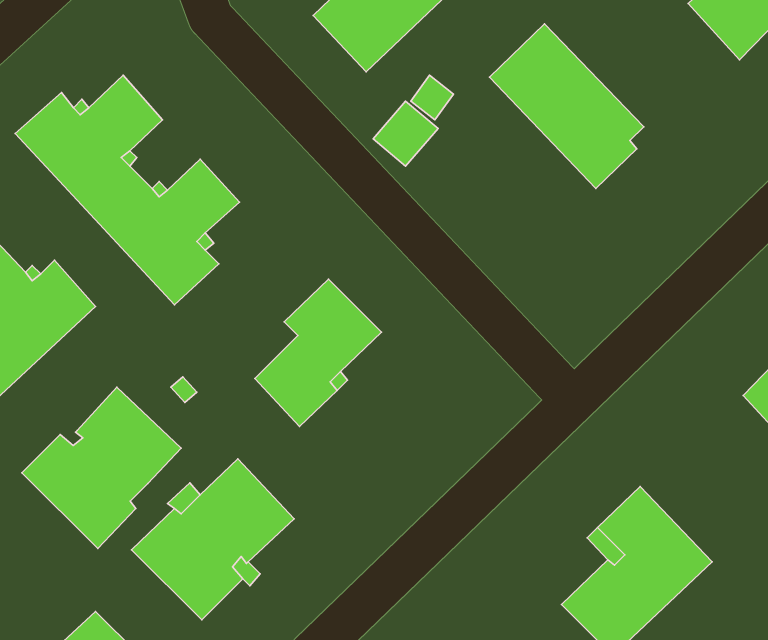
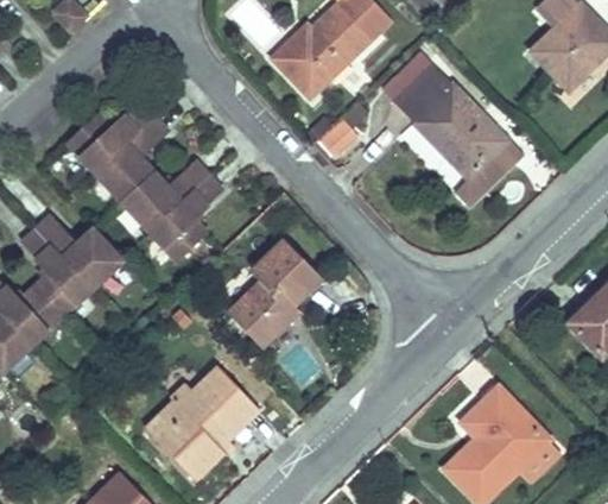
building: none -> [456,137,522,206]
building: [22,387,181,548] -> none

